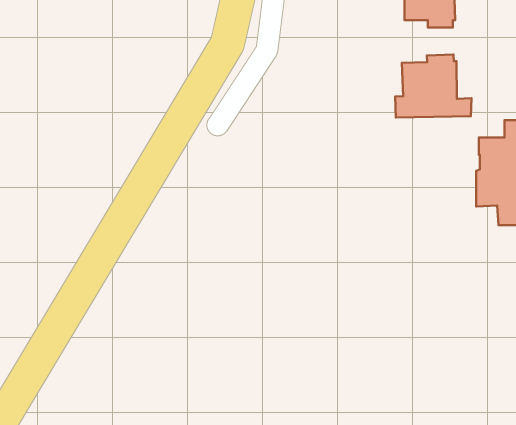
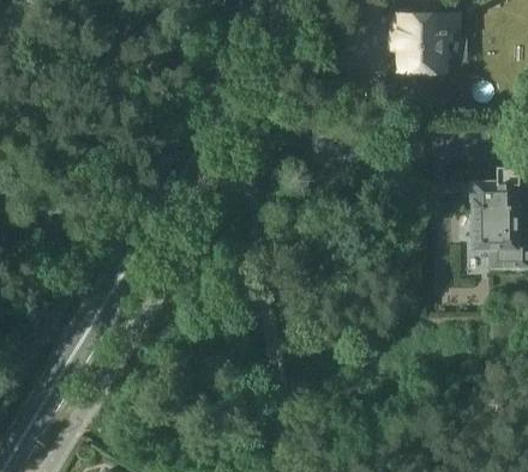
building: [395,55,471,117] -> none

